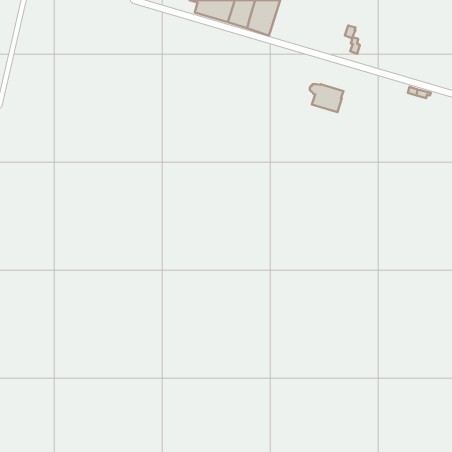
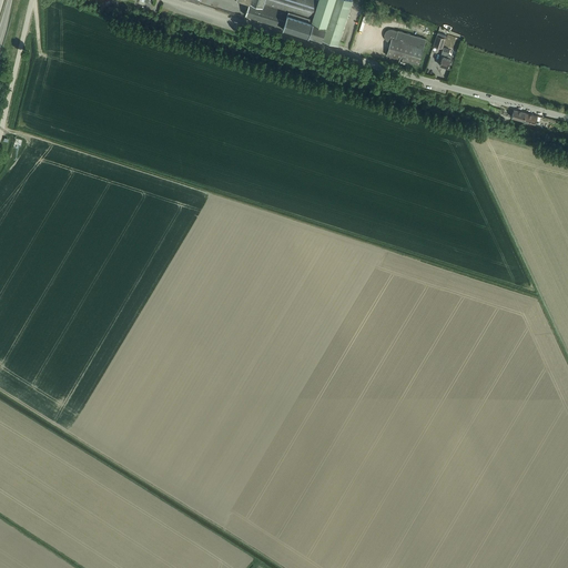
building: [310,84,344,112] -> [383,29,425,64]

